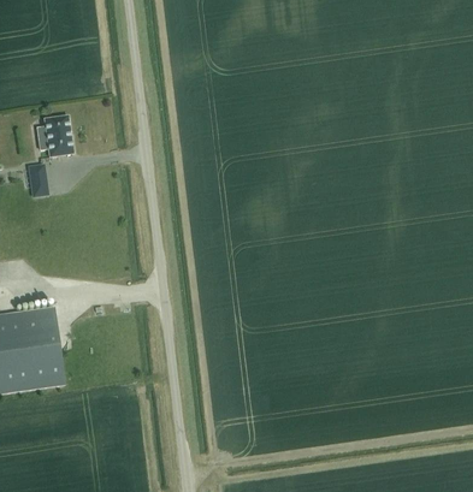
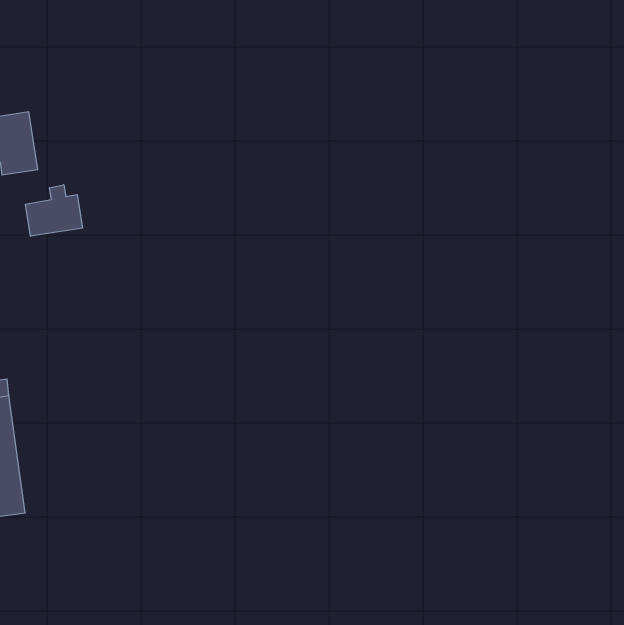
building: none -> [26,185,82,236]

